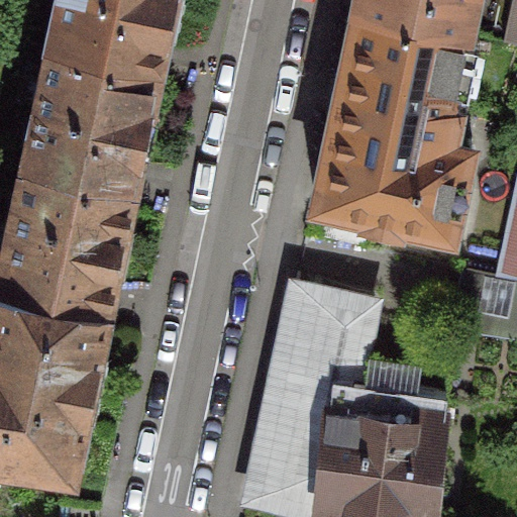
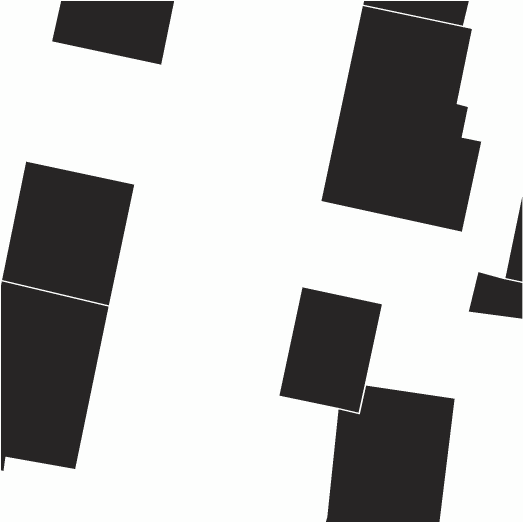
building: [25,42,160,183] -> none
building: [251,392,333,511] -> none

